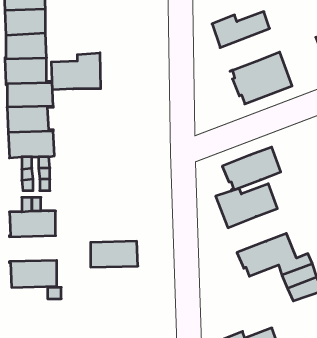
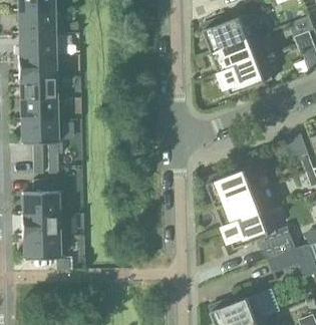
building: none -> [210,28,263,66]
building: [51,53,101,90] -> none
building: [222,147,281,191] -> [217,189,269,228]
building: [91,241,138,267] -> [22,213,64,236]

